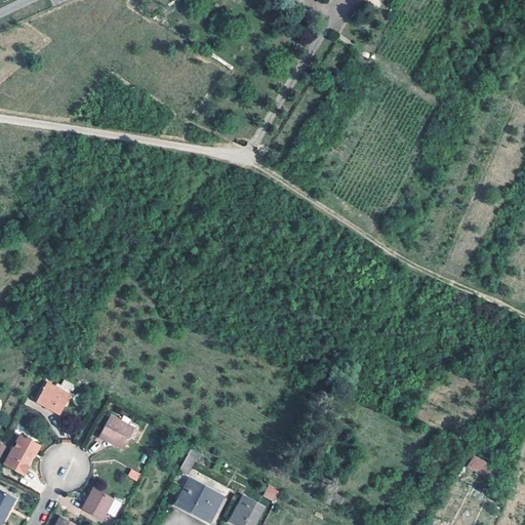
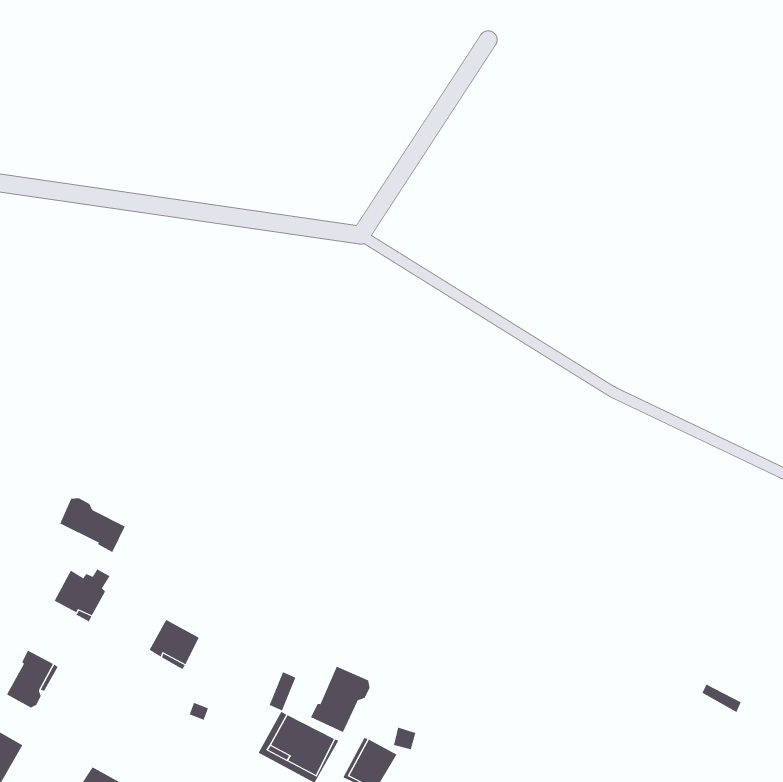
building: none -> [60,498,125,553]
building: none -> [310,666,370,733]
building: [82,486,114,518] -> none

